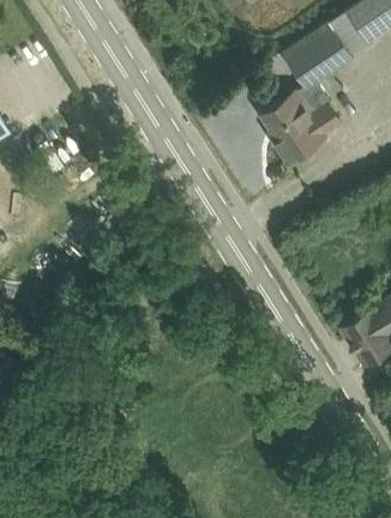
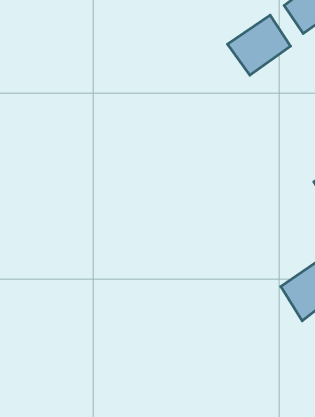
building: [260,86,344,162] -> none

